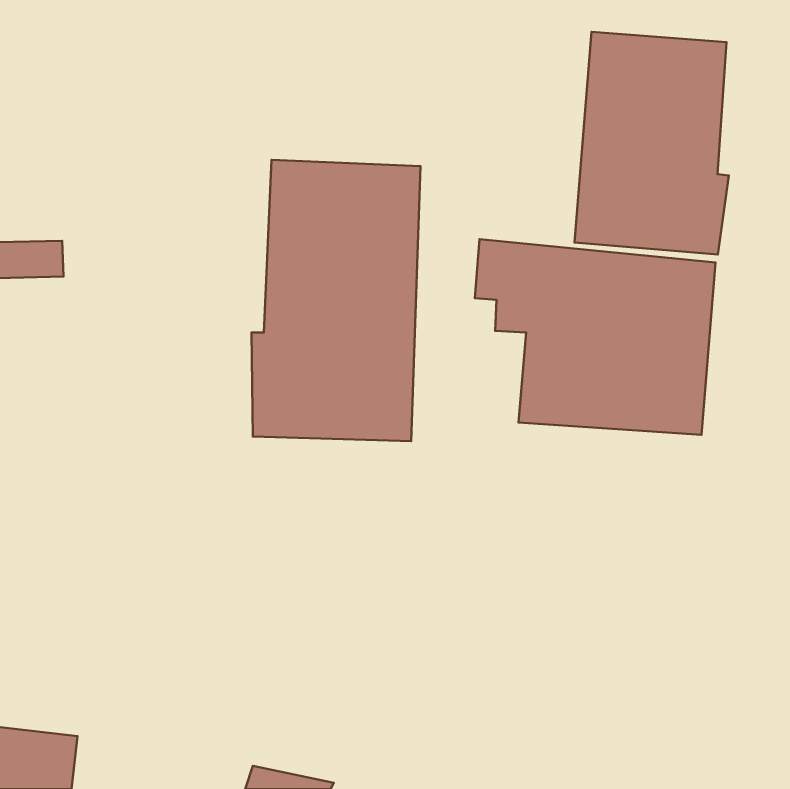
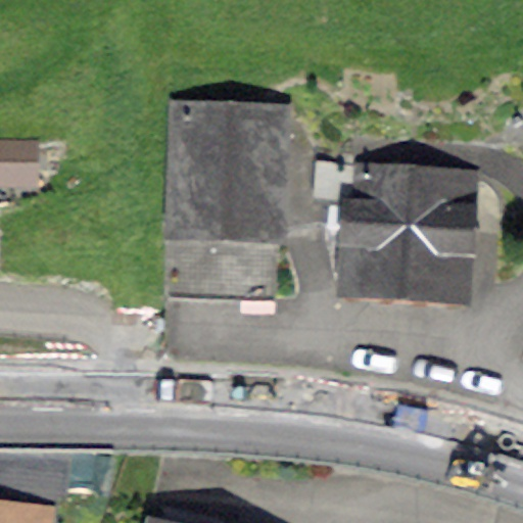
building: [574,32,729,255] -> none

